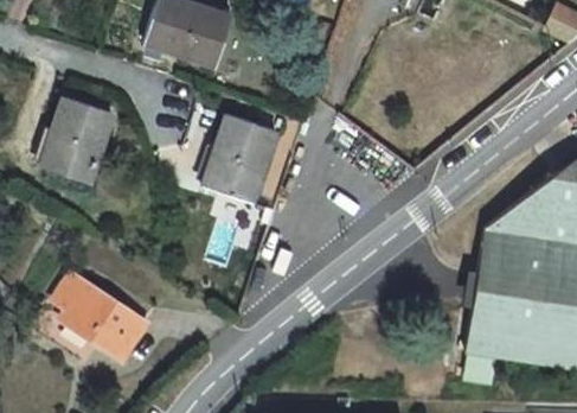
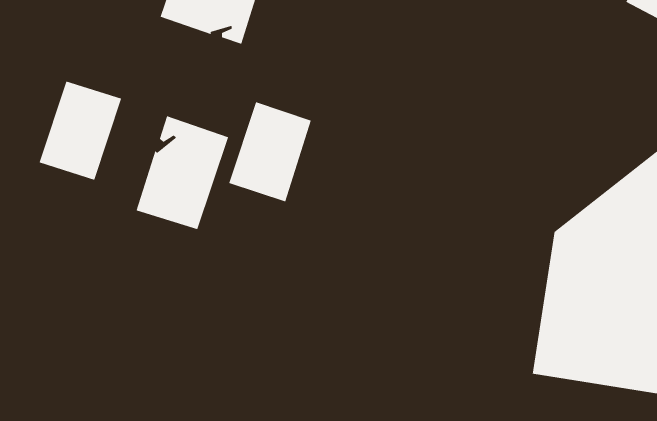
building: none -> [136,115,229,230]
building: [55,275,146,361] -> none

